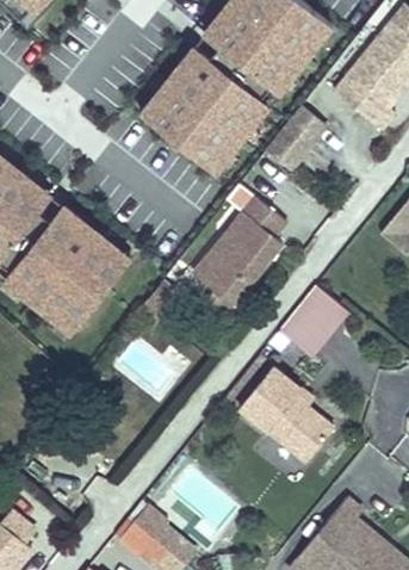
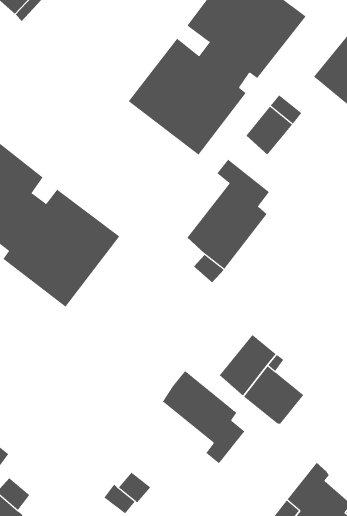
building: [274,283,346,358] -> none
building: none -> [162,370,245,464]

